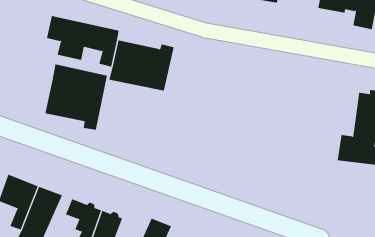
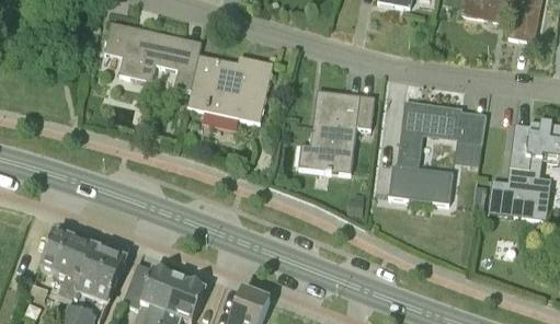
building: [45,64,108,131] -> none
building: none -> [307,89,375,173]
building: none -> [388,100,485,202]

